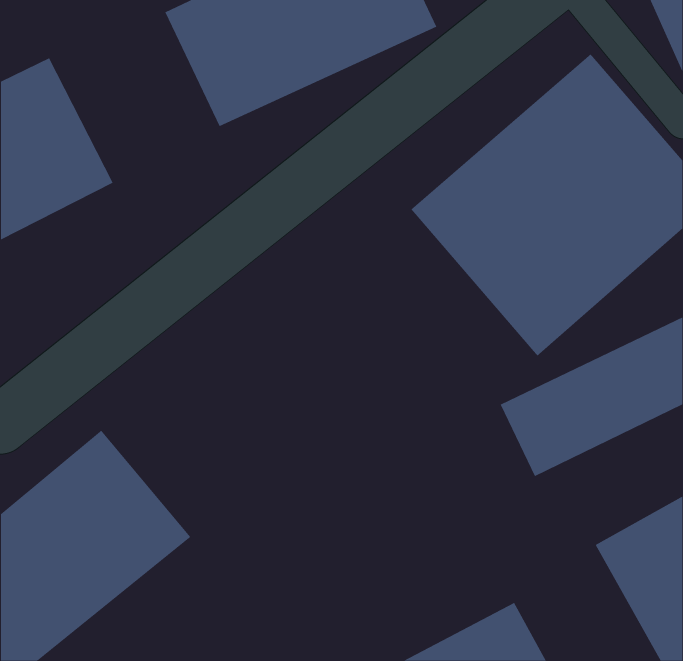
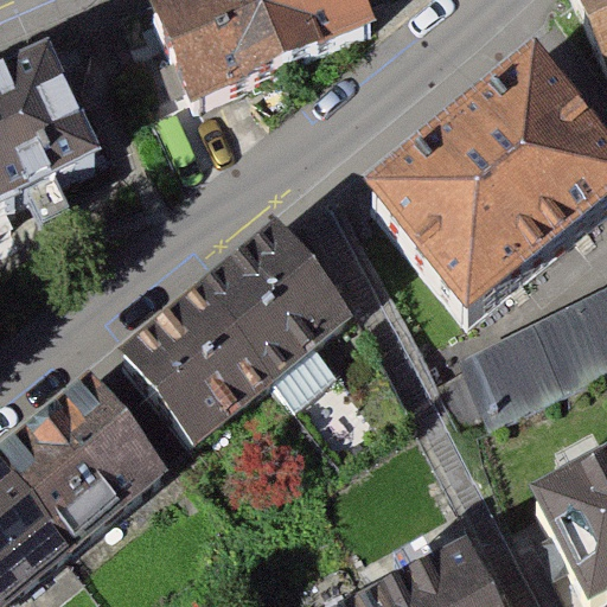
building: none -> [121,222,351,435]

